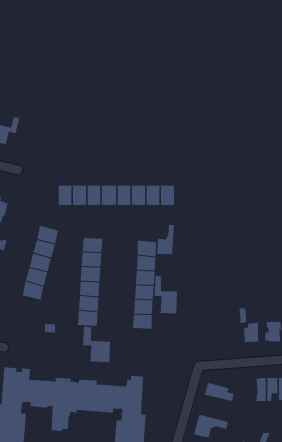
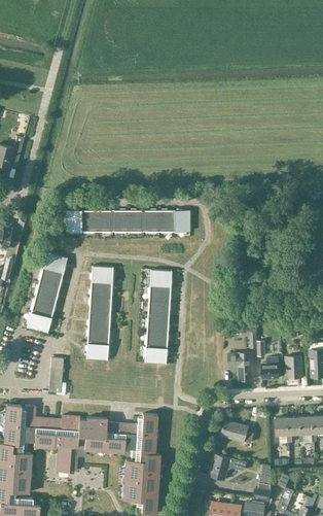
building: [156,224,174,255] -> none
building: [154,275,177,314] -> none
building: none -> [228,351,253,379]
building: [82,326,110,363] -> none

